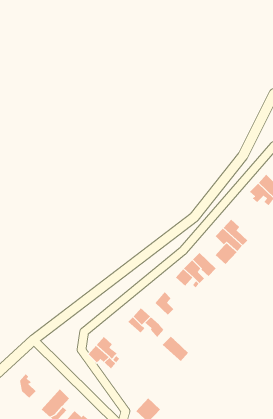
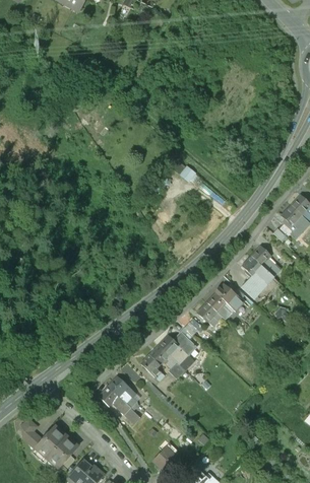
building: [162,336,189,362] -> [160,336,190,365]
building: none -> [36,427,68,461]

